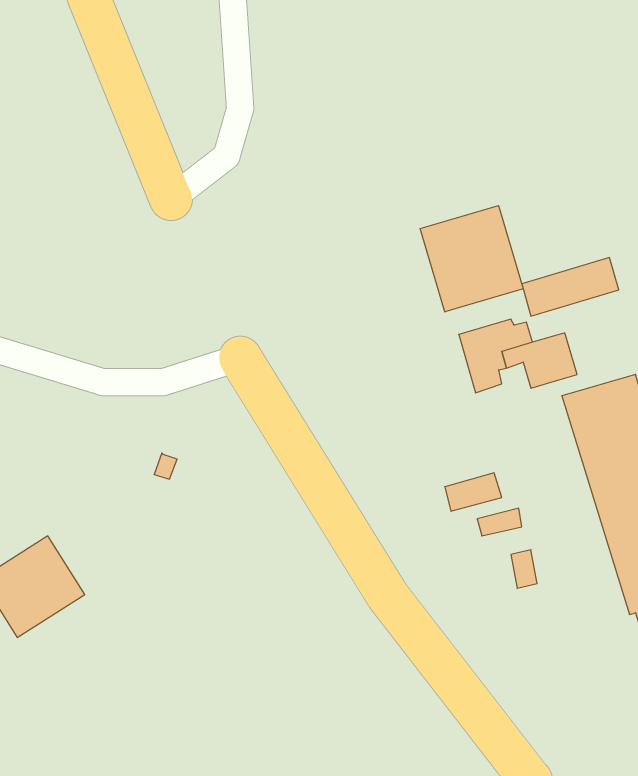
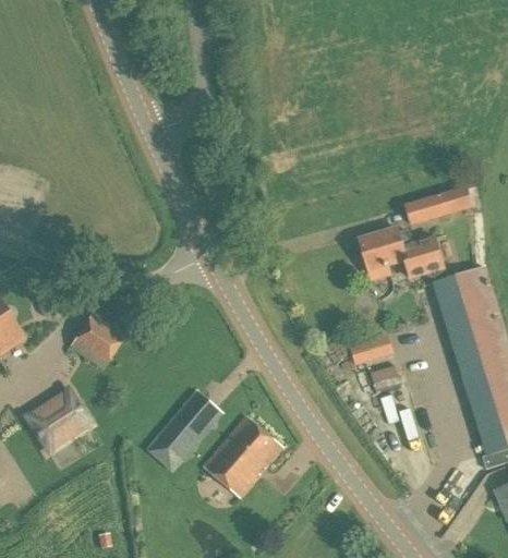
building: [420,206,523,312] -> none
building: none -> [70,310,125,367]
building: none -> [157,391,222,460]
building: none -> [205,416,282,496]

